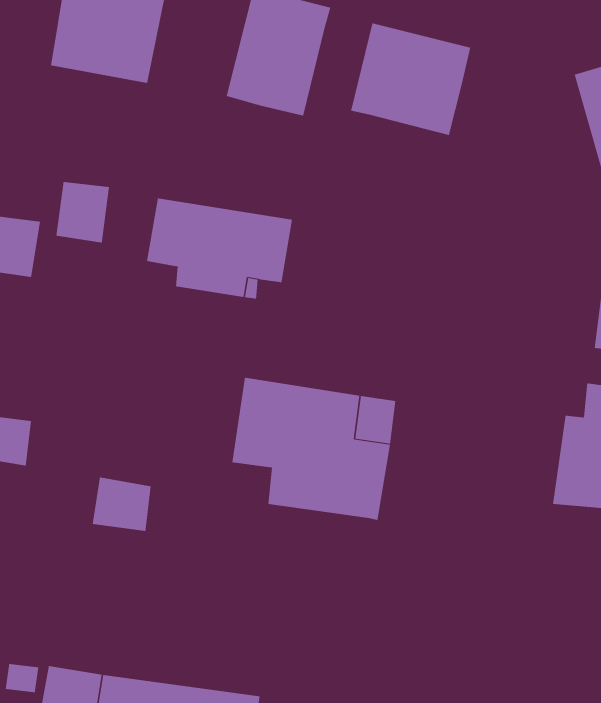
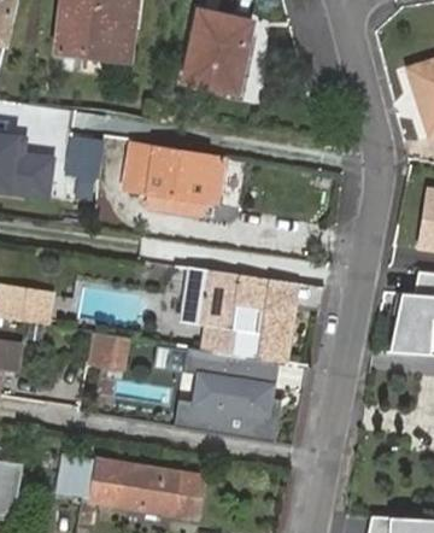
building: [350,22,471,136] -> none
building: none -> [172,346,280,440]

